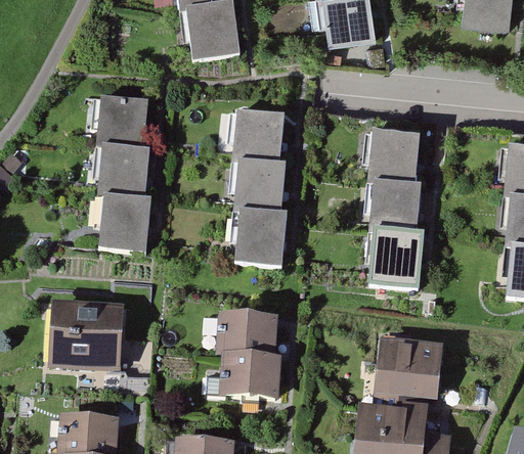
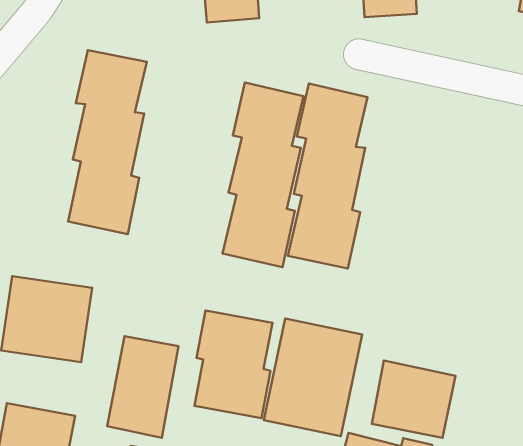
building: [361,130,424,286] -> [288,83,368,268]
building: none -> [264,319,362,436]
building: none -> [107,336,178,438]

